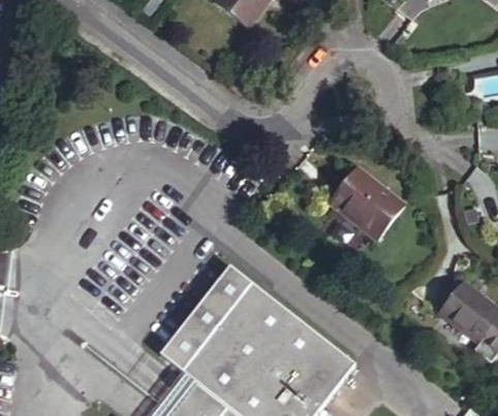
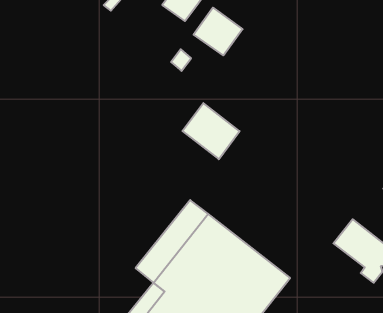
building: none -> [194,8,243,55]
building: [326,172,400,245] -> [182,103,240,159]

